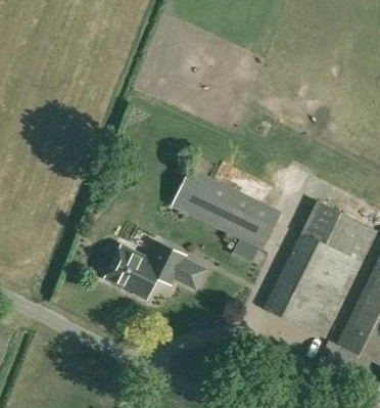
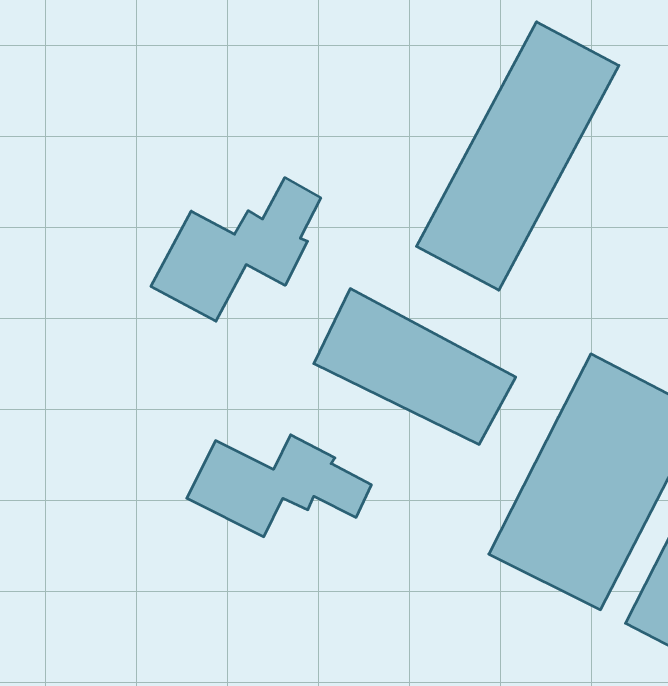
building: none -> [416,22,619,290]
building: none -> [151,178,321,321]

